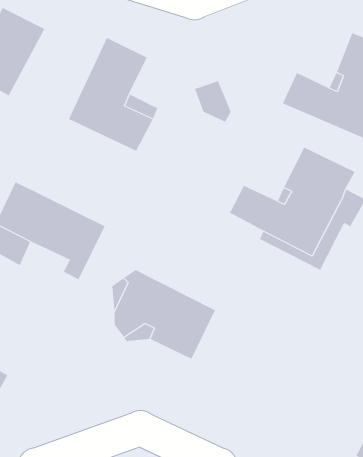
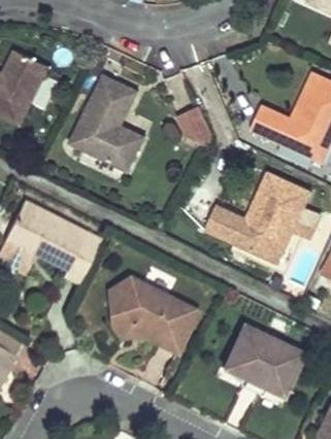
building: none -> [224,331,303,400]

